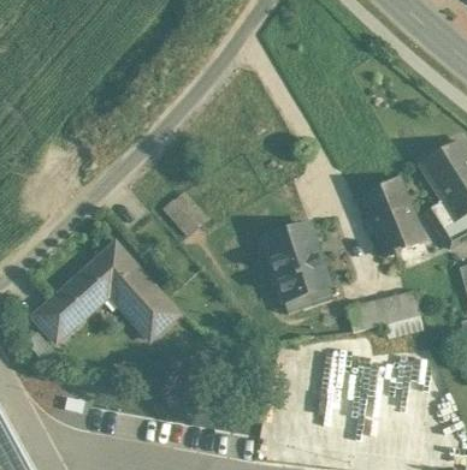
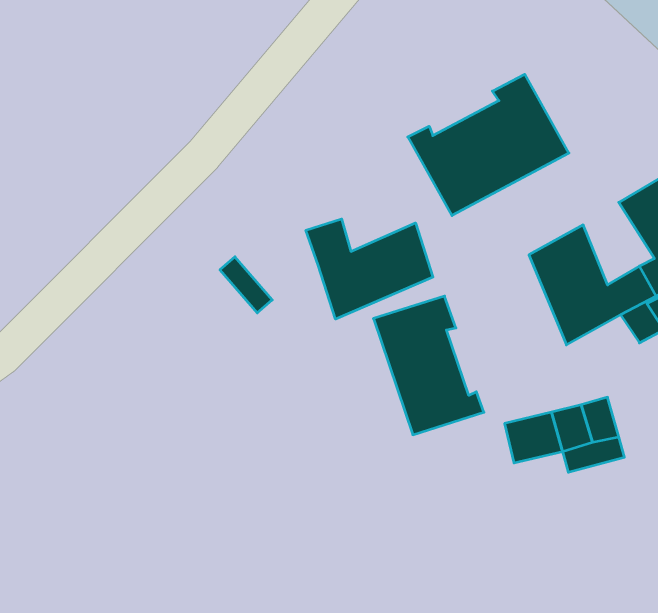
building: none -> [408,74,569,216]
building: none -> [306,219,433,319]
building: [35,240,179,338] -> none

